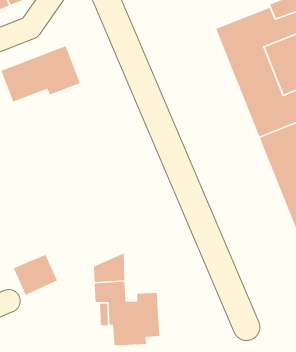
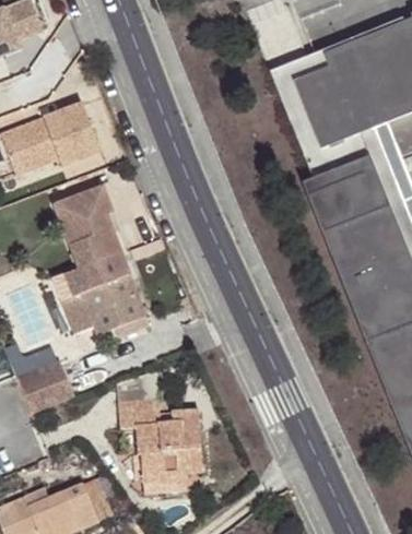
building: none -> [51,185,143,334]

